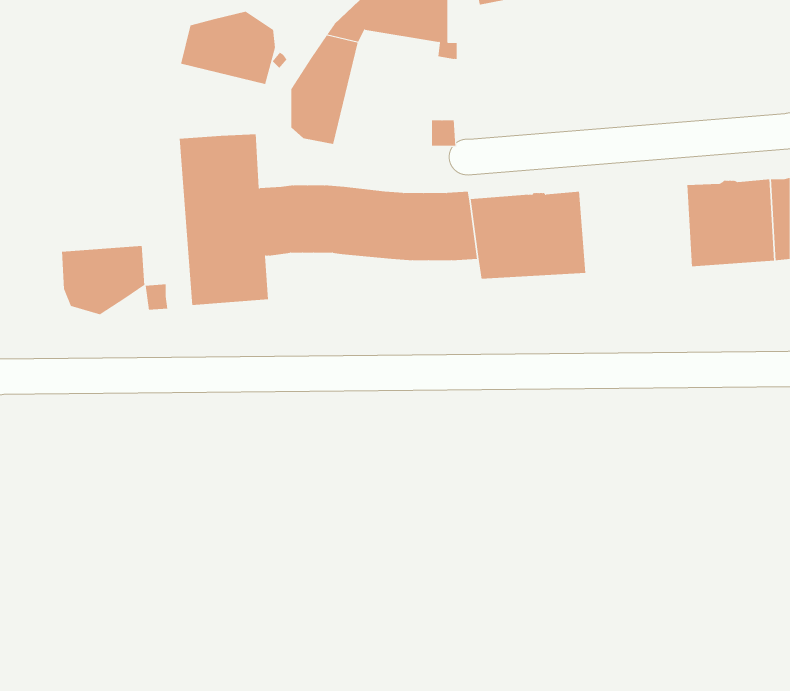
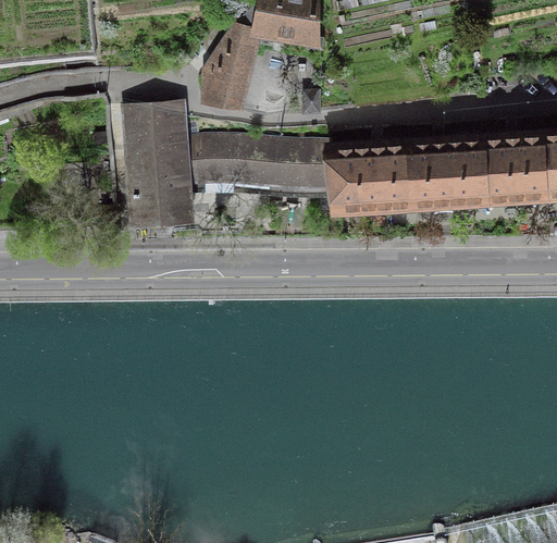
building: [180,11,275,85] -> none
building: none -> [408,138,486,200]
building: [62,245,145,315] -> none

